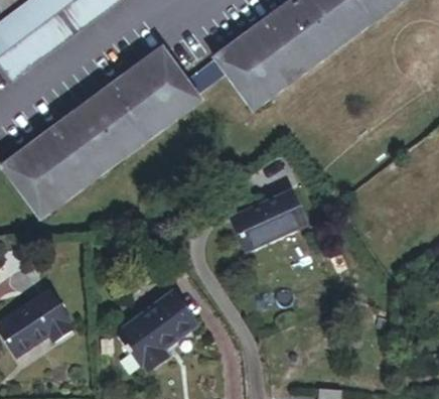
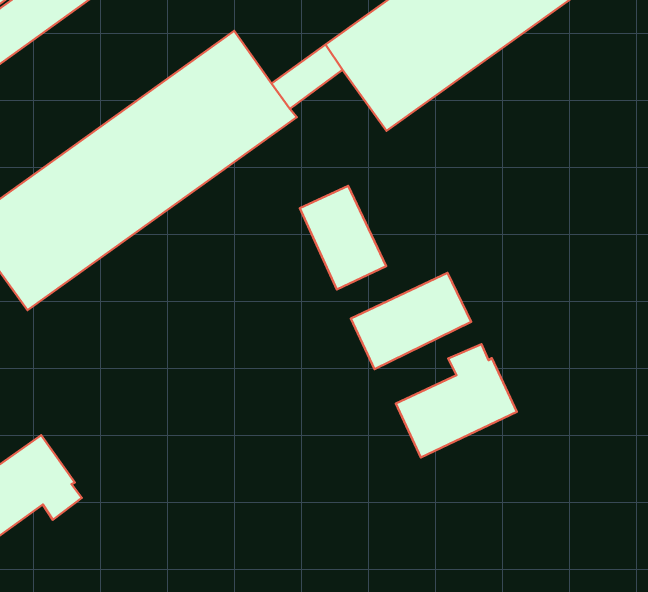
building: none -> [300,186,386,290]
building: none -> [396,344,517,457]
building: [117,295,194,371] -> none

